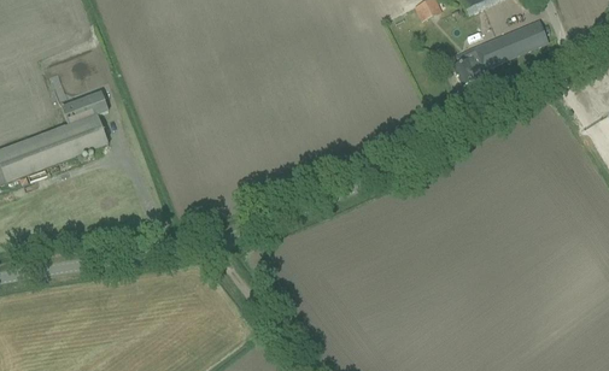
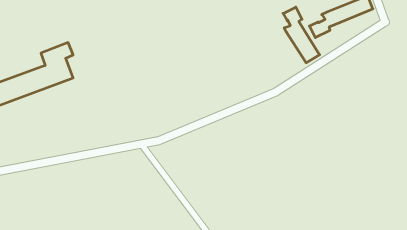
building: none -> [283,7,320,63]

